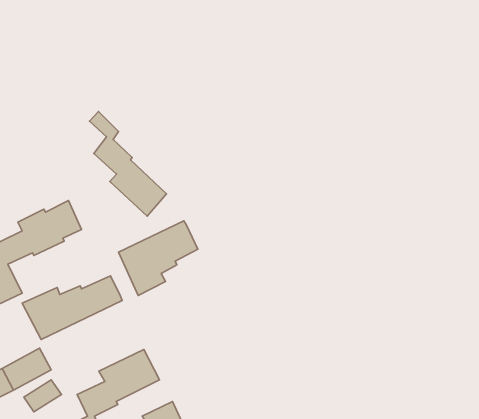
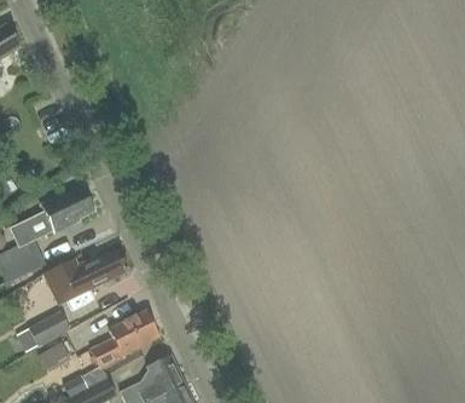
building: [90,112,166,216] -> none
building: [118,221,198,296] -> none

